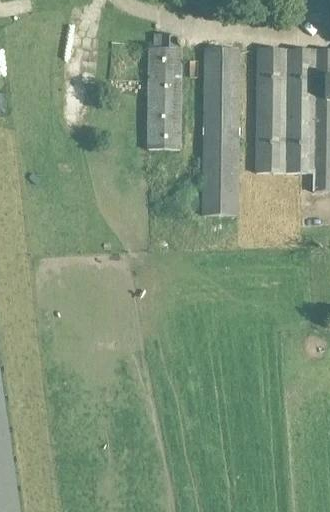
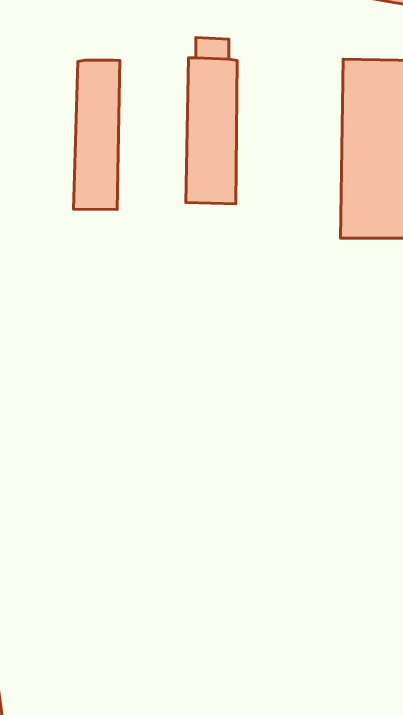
building: none -> [74,60,120,209]
building: [203,46,240,211] -> none

